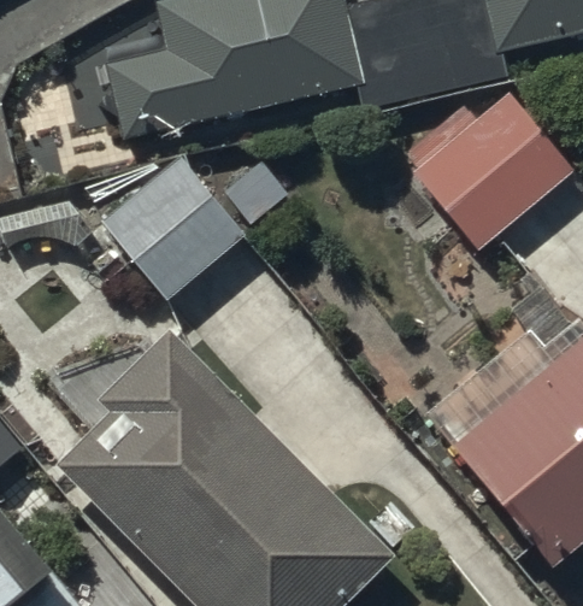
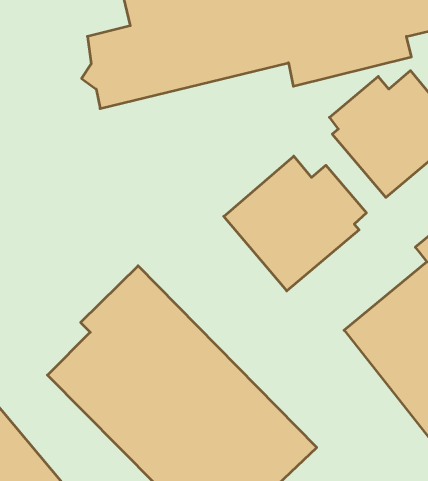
building: [104,157,245,299] -> none
building: none -> [224,156,366,291]

